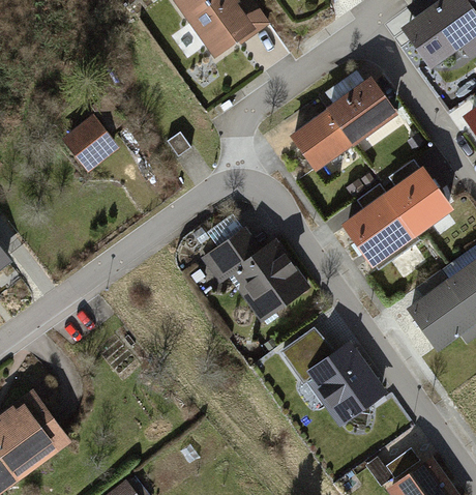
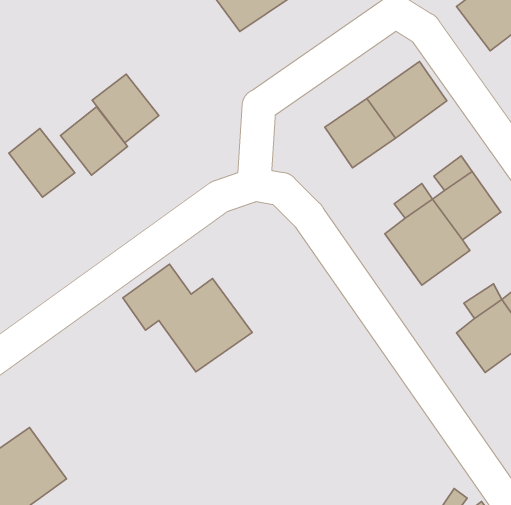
building: none -> [92,74,159,143]
building: none -> [9,128,75,197]
building: [201,228,313,321] -> [123,264,252,372]
building: [281,328,381,420] -> none

